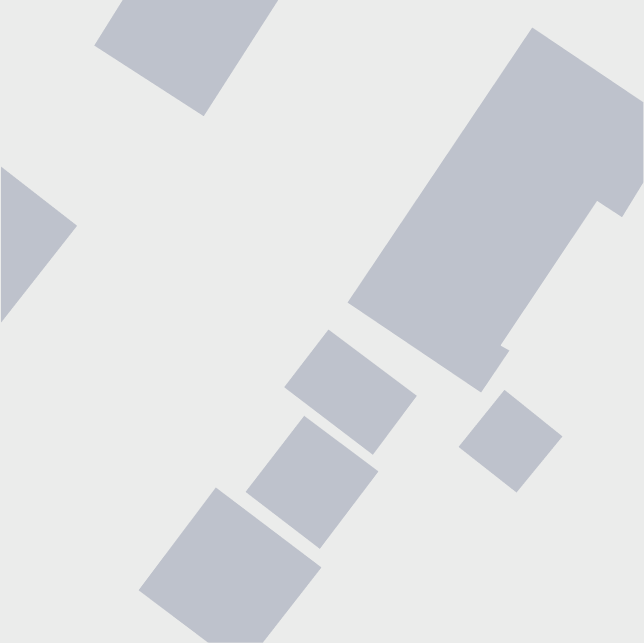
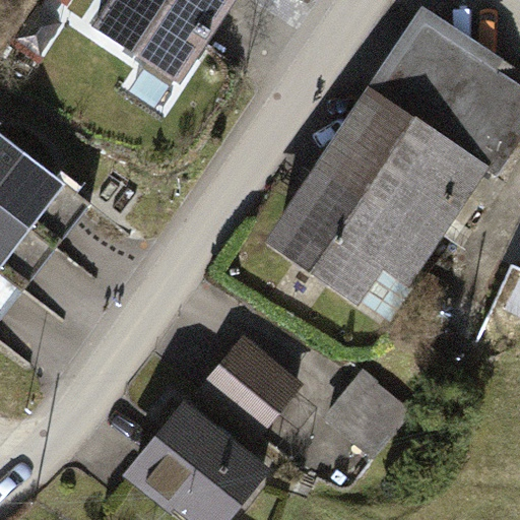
building: [283,328,418,456] -> none
building: [458,389,563,493] -> [331,373,416,457]

